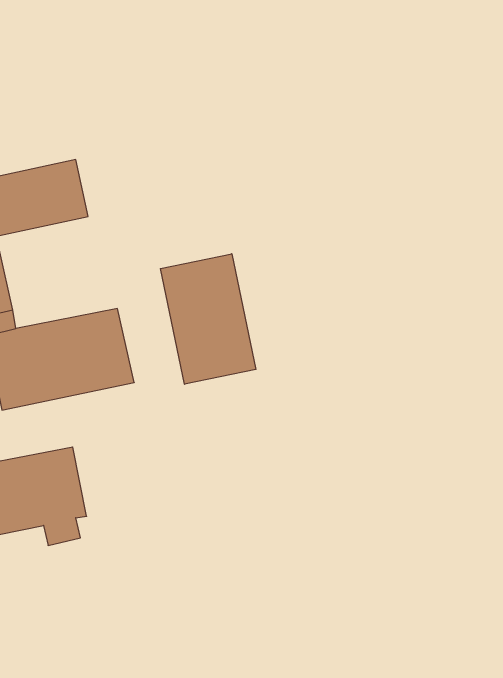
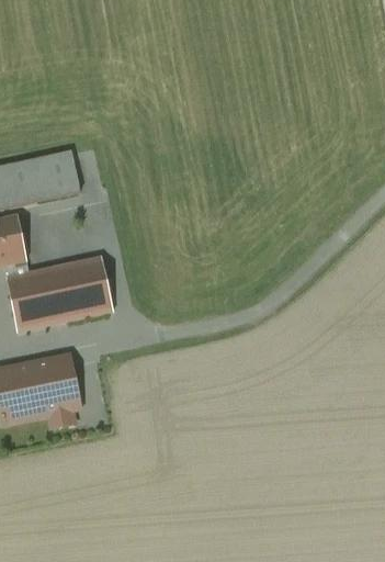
building: [160,254,256,384] -> none

